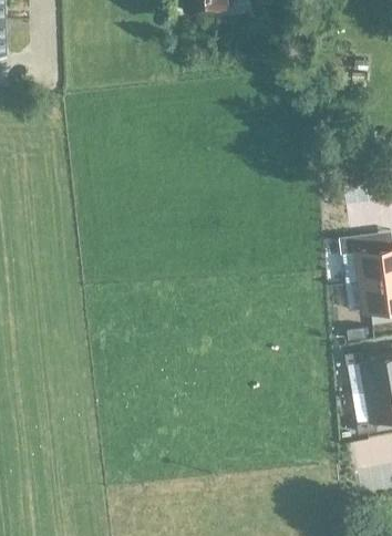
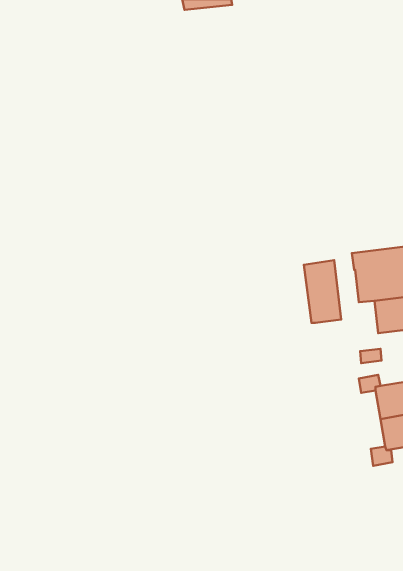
building: none -> [304,260,341,323]

